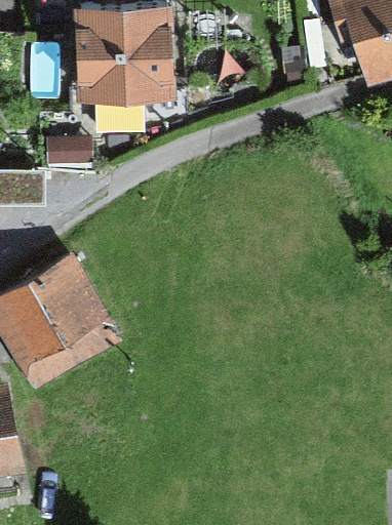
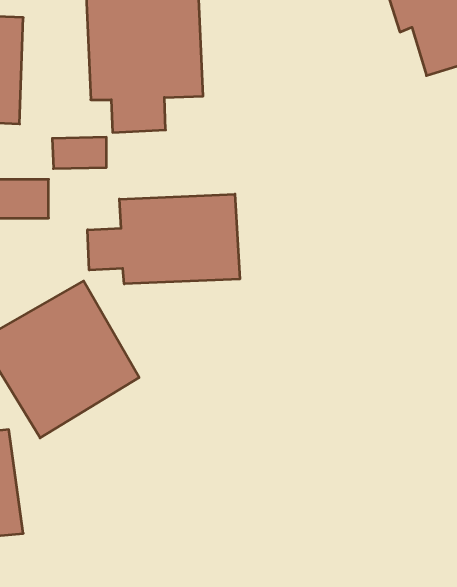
building: none -> [88,194,240,284]

